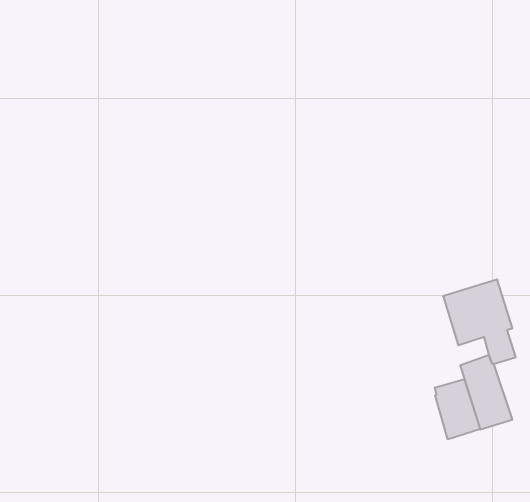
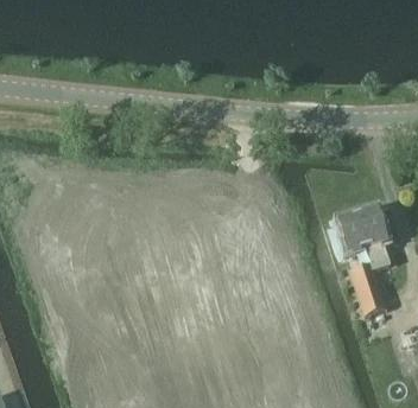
building: [435,379,480,439] -> none

